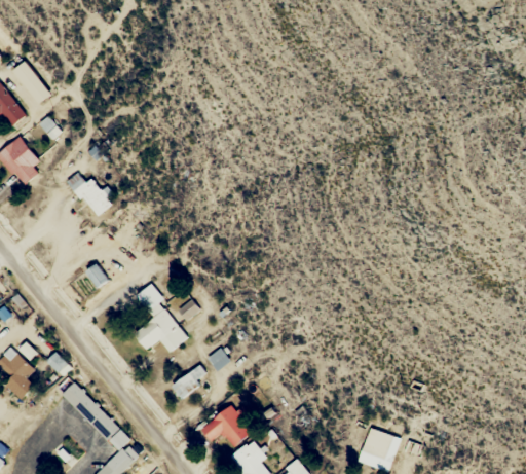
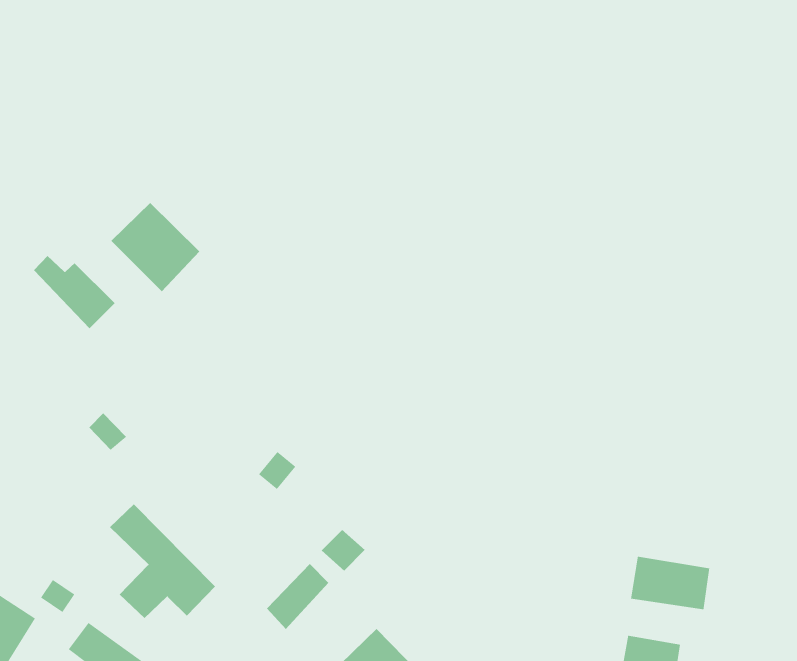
building: none -> [111,202,200,292]
building: [133,285,187,352] -> [109,503,216,619]
building: none -> [630,556,710,610]

